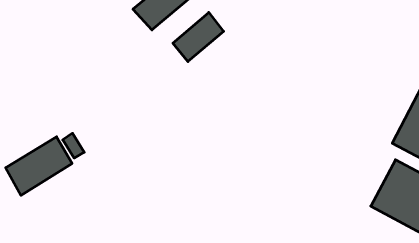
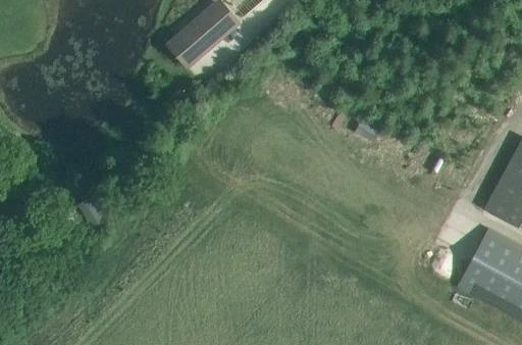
building: [173,12,224,62] -> none
building: [6,137,72,195] -> none

